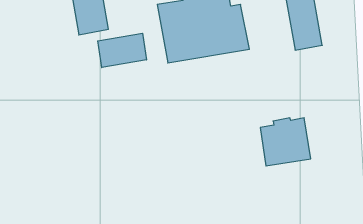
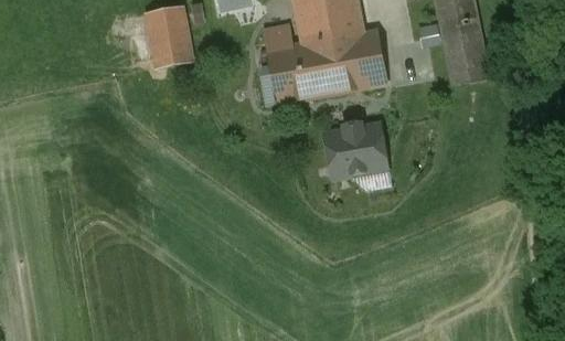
building: [98,33,146,68] -> none
building: [260,118,311,166] -> [322,119,392,185]

